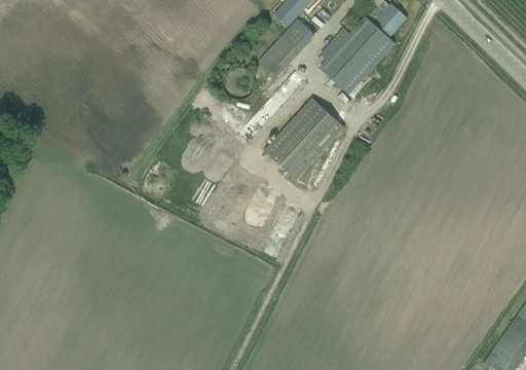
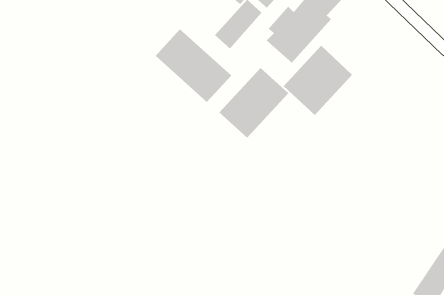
building: none -> [155,28,232,103]
building: none -> [283,45,353,116]

